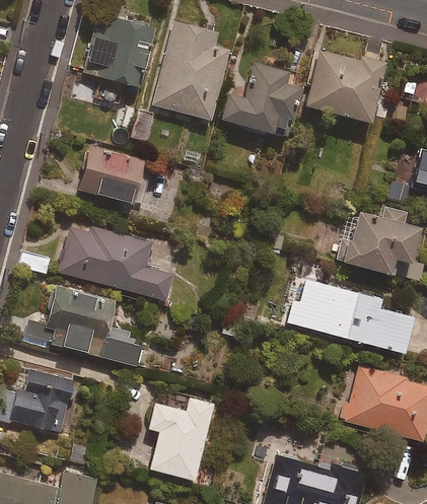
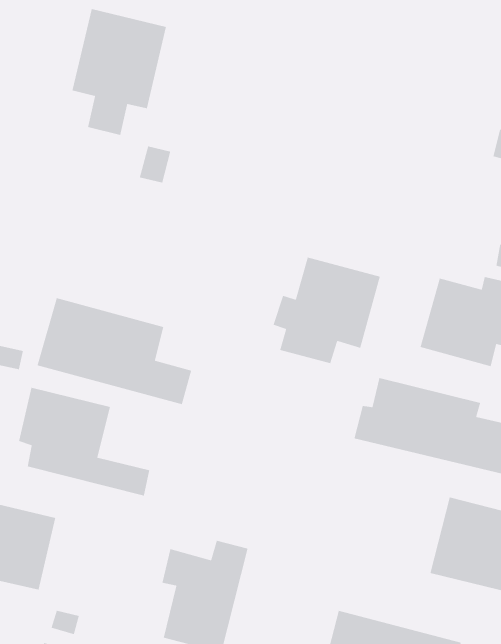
building: [151,22,228,120] -> none
building: [304,51,383,122] -> none
building: [220,61,298,131] -> none
building: [78,146,164,205] -> none
building: none -> [272,257,381,364]

